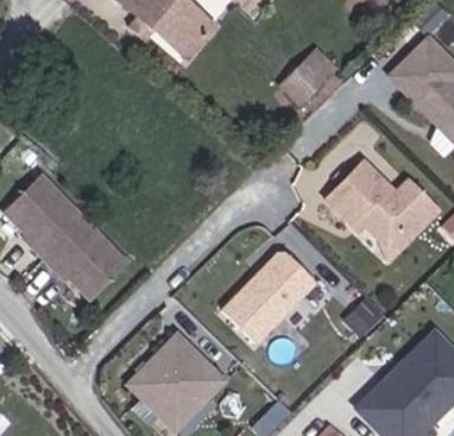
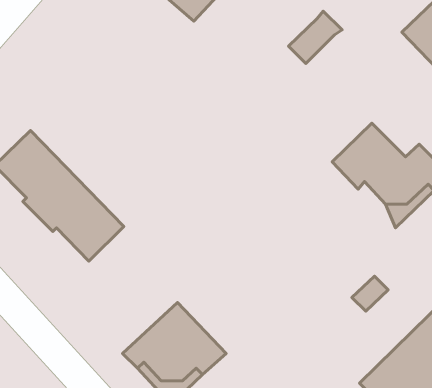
building: [222,251,316,340] -> none

